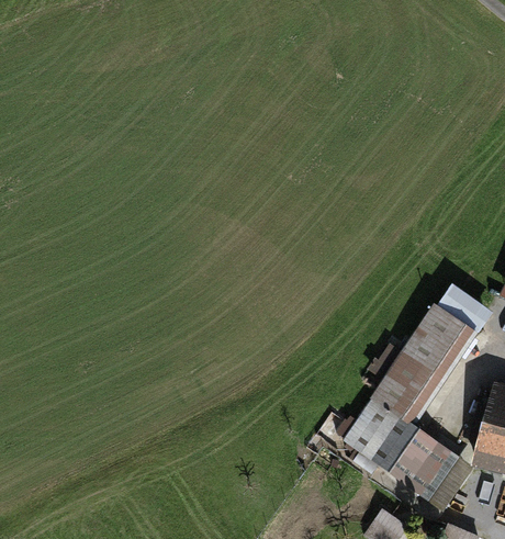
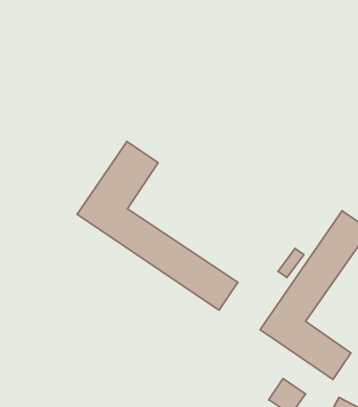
building: none -> [77,141,238,310]

